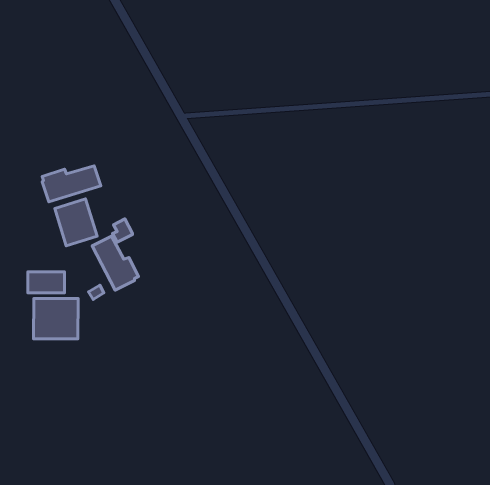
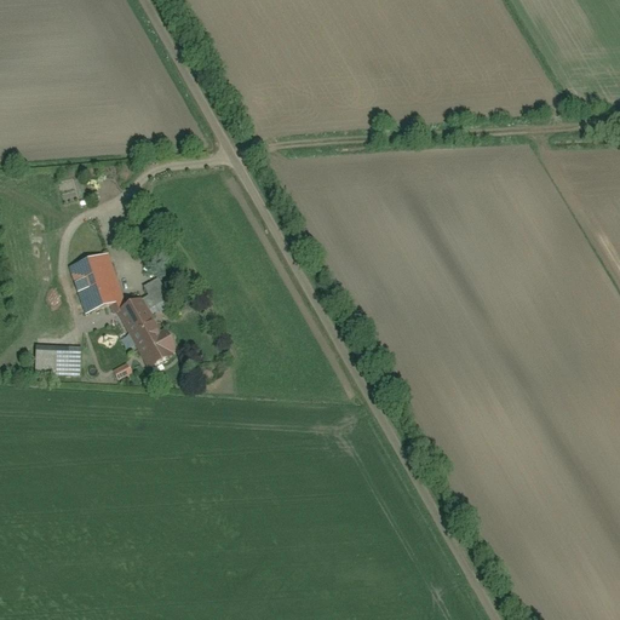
building: [42,166,101,202] -> none
building: [34,298,78,339] -> none

